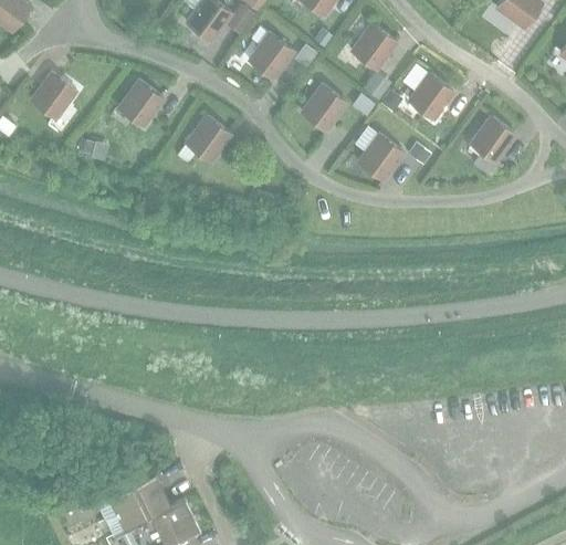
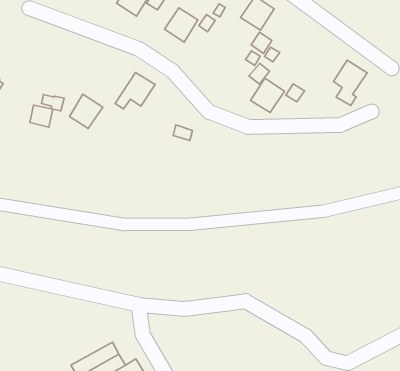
building: [29,73,74,118] -> none
building: [407,73,452,119] -> none
building: [117,80,163,126] -> [69,94,103,129]
building: [300,84,345,130] -> none
building: none -> [30,105,53,127]

